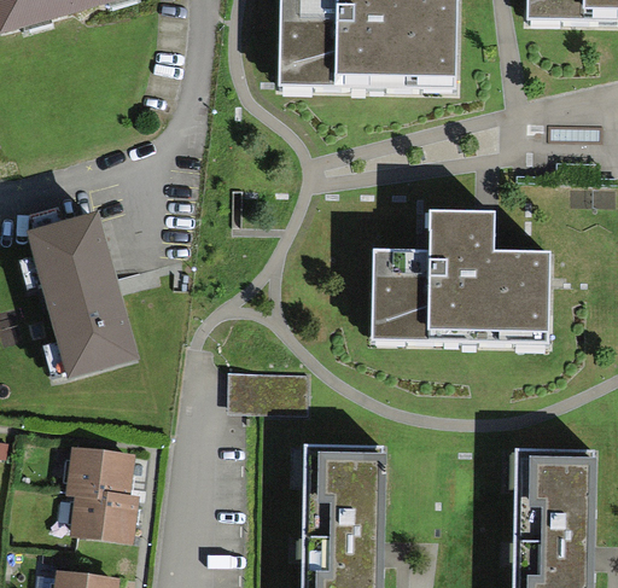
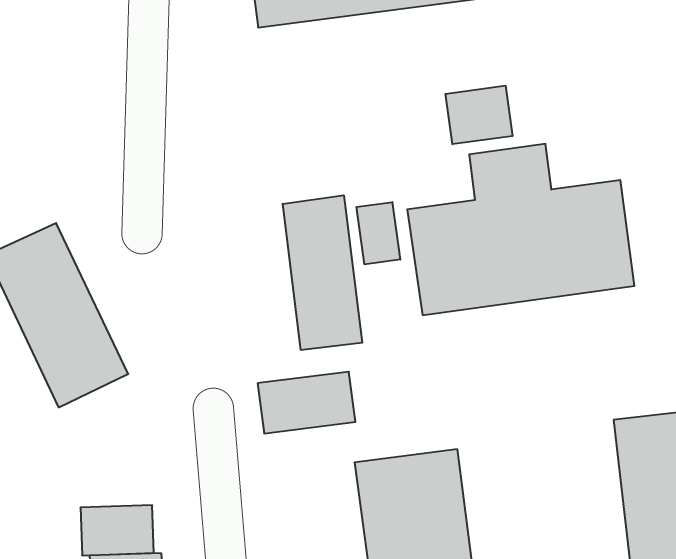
building: none -> [445,86,513,144]
building: none -> [283,195,362,350]
building: none -> [357,202,400,264]

